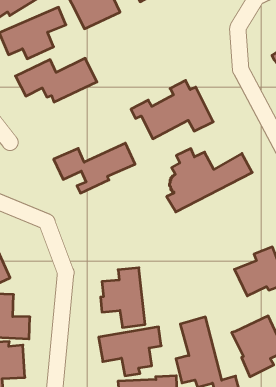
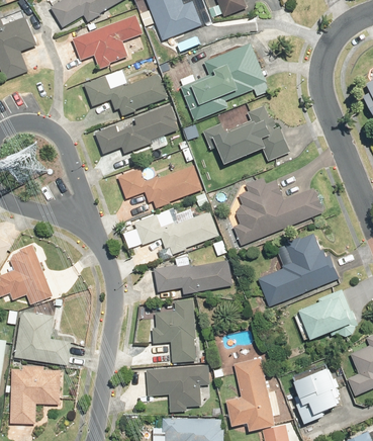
building: none -> [181,45,267,121]
building: none -> [95,105,181,154]
building: none -> [123,210,219,258]
building: none -> [258,233,338,304]
building: none -> [154,258,236,293]

